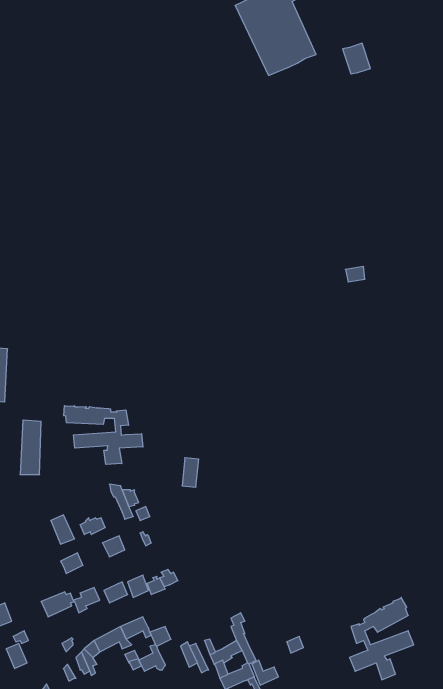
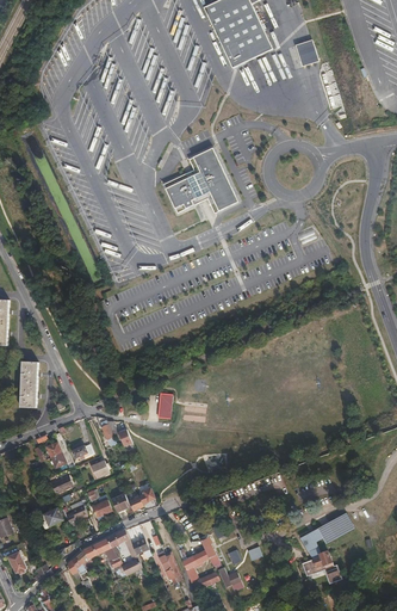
building: none -> [162,148,237,212]
building: [64,406,143,464] -> none

